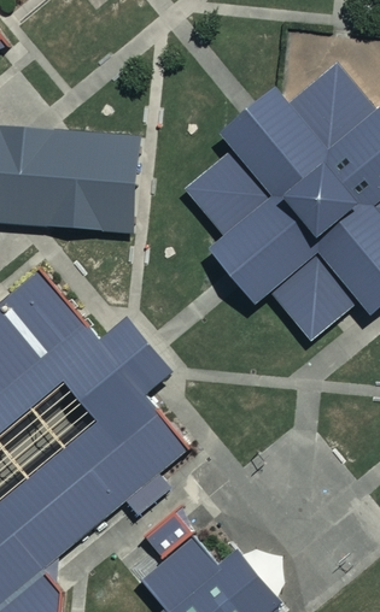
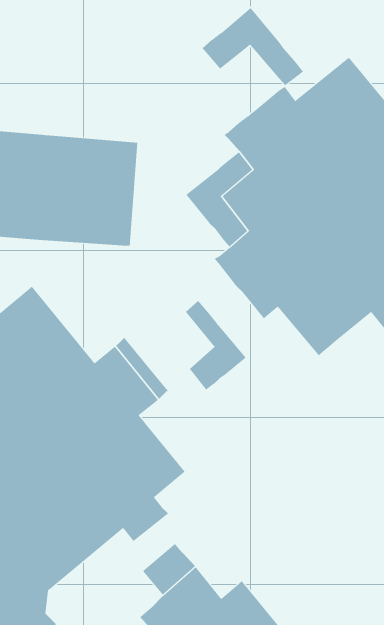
building: none -> [202,7,304,86]
building: none -> [185,300,246,390]

